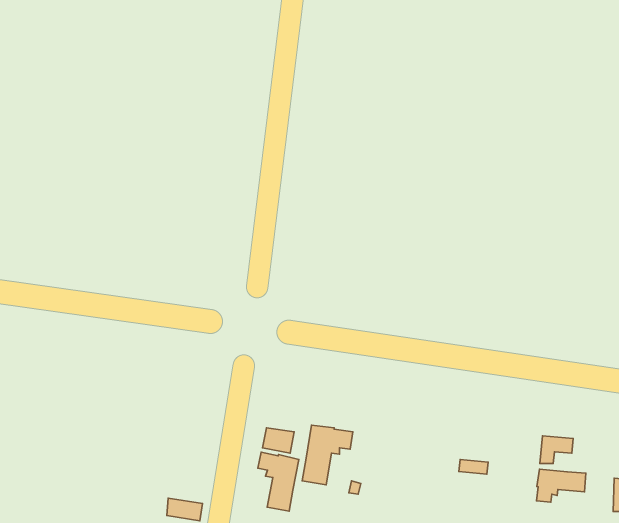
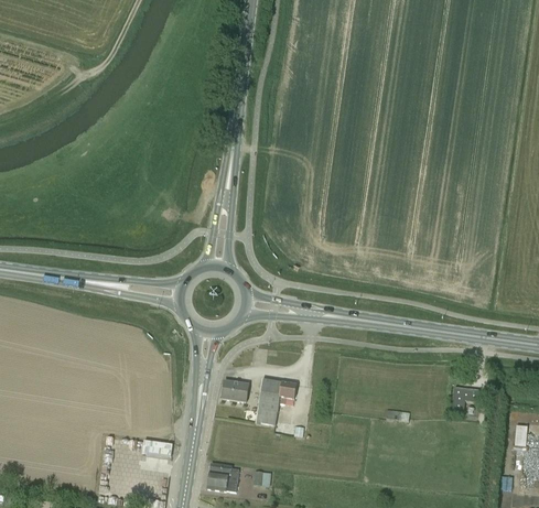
building: [258,452,299,511] -> none
building: [536,469,586,502] -> none

